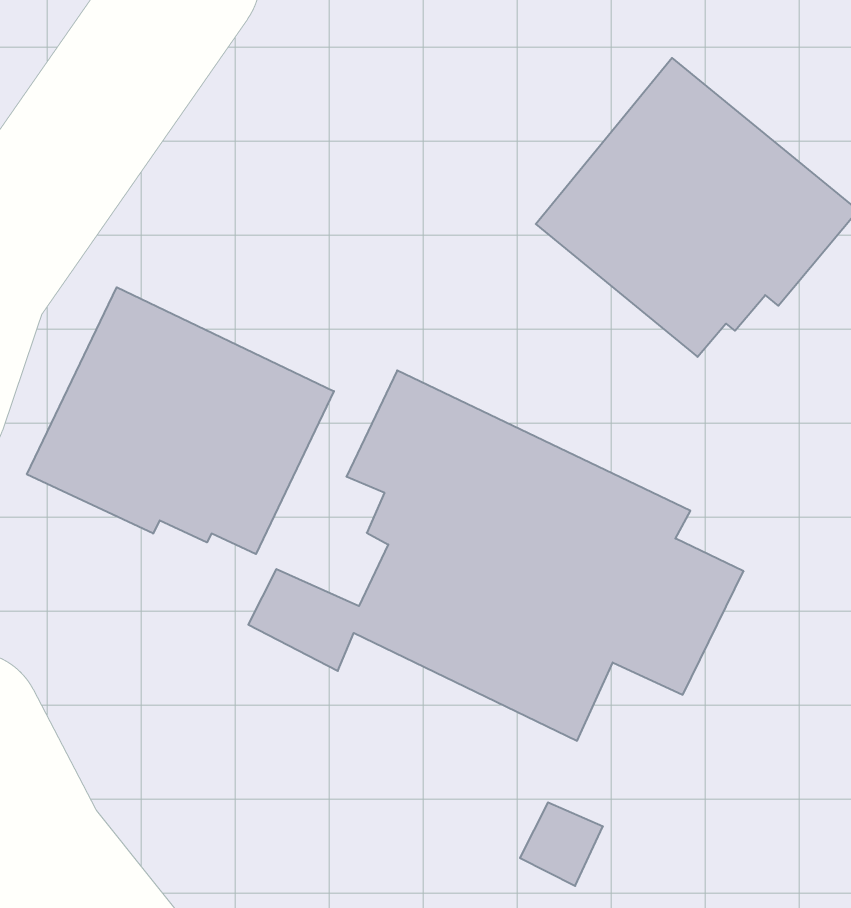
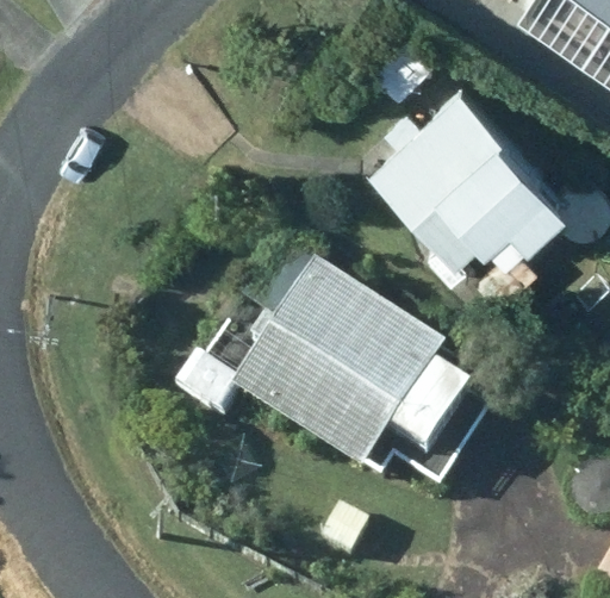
building: [27,287,334,554] -> none

